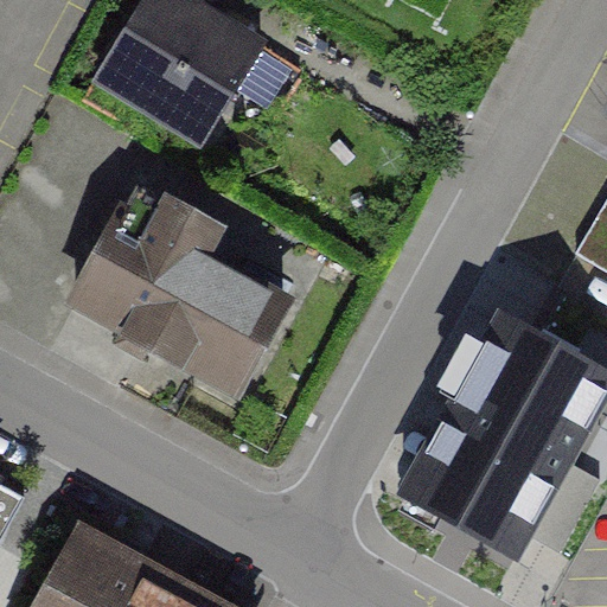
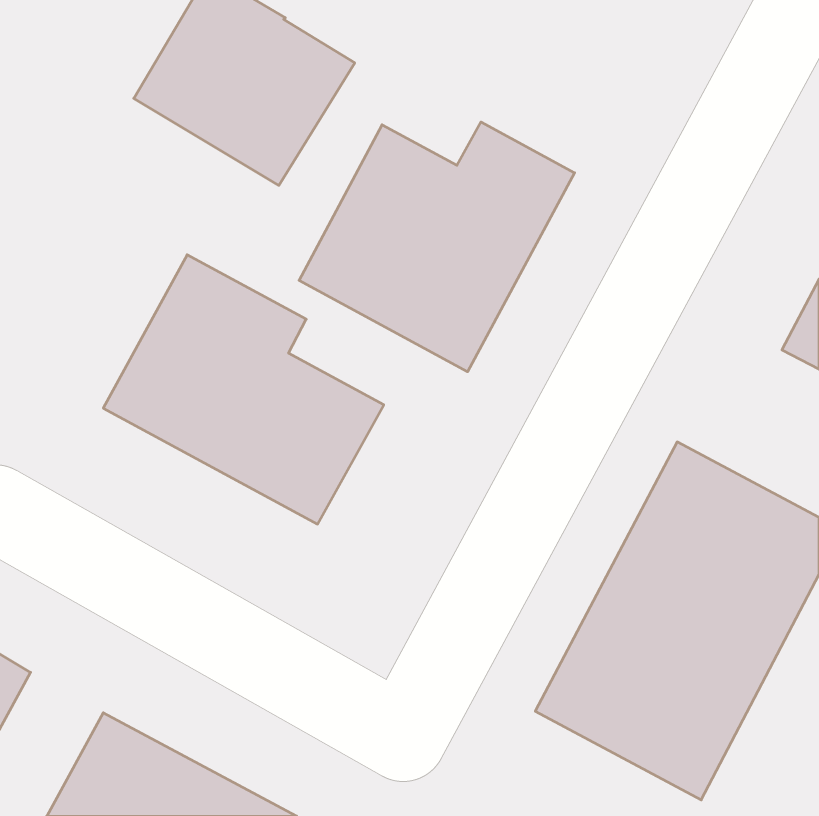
building: none -> [299,122,575,372]

